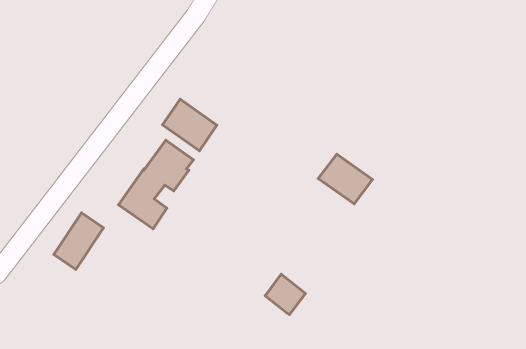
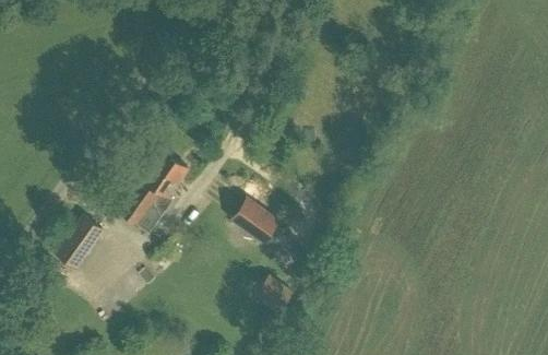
building: [162,99,217,151] -> none
building: [318,154,373,204] -> [229,197,281,244]

